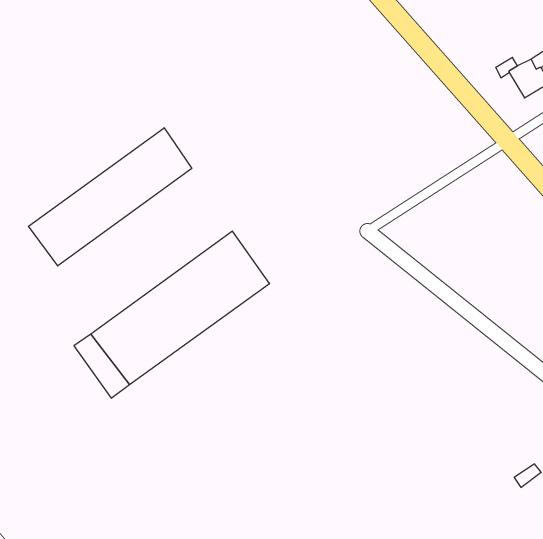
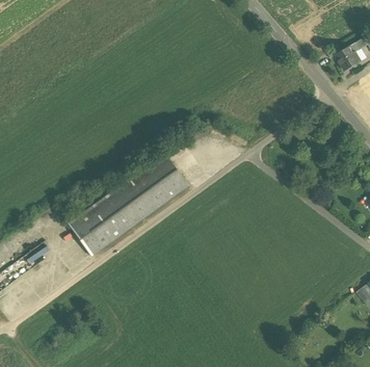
building: [28,128,192,266] -> none

